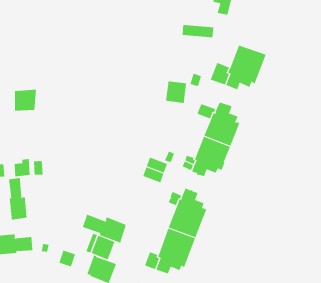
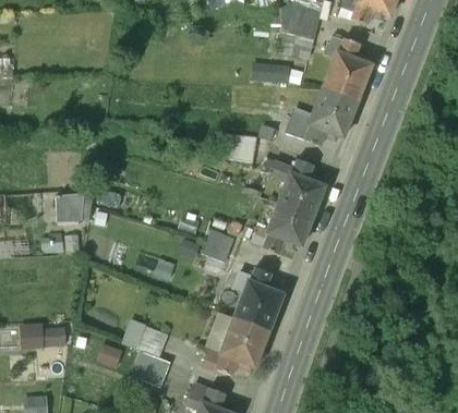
building: none -> [322,38,371,100]
building: [14,89,37,111] -> [57,193,85,220]
building: [9,177,27,221] -> none
building: [82,214,127,243] -> none

